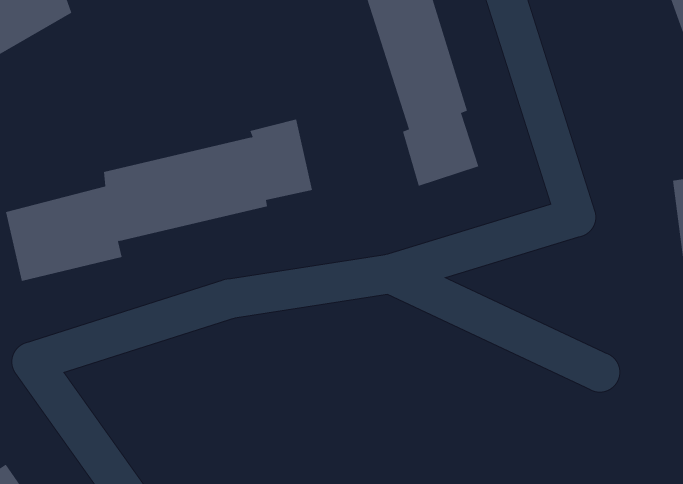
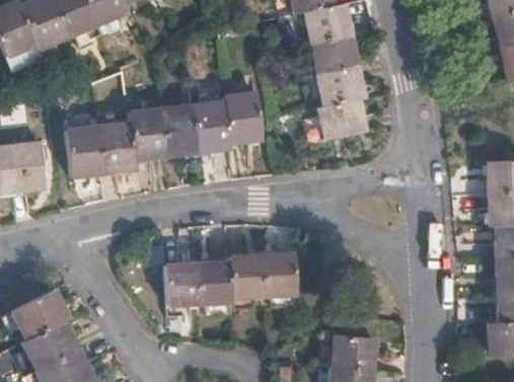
building: none -> [163,259,291,304]

